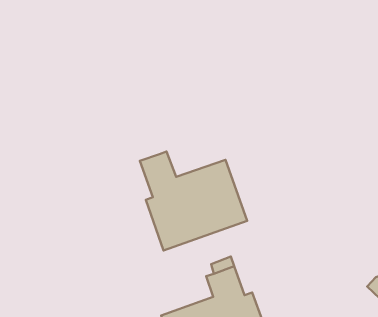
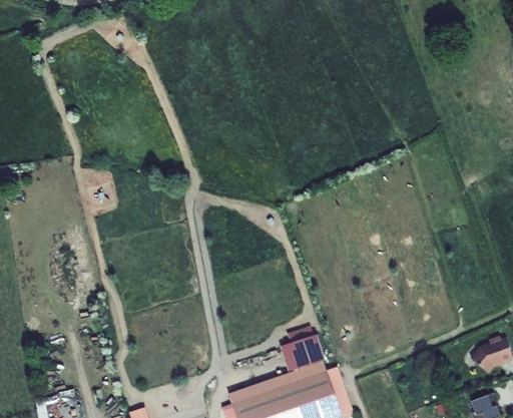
building: [140,151,247,251] -> none

